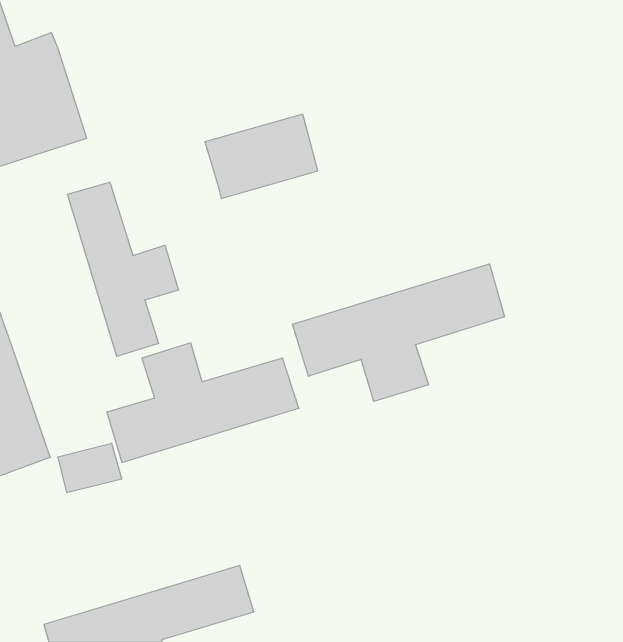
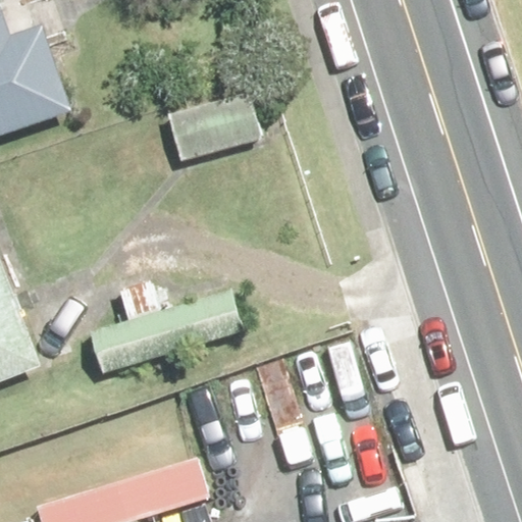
building: [67,182,178,357] -> none
building: [292,264,505,401] -> none

